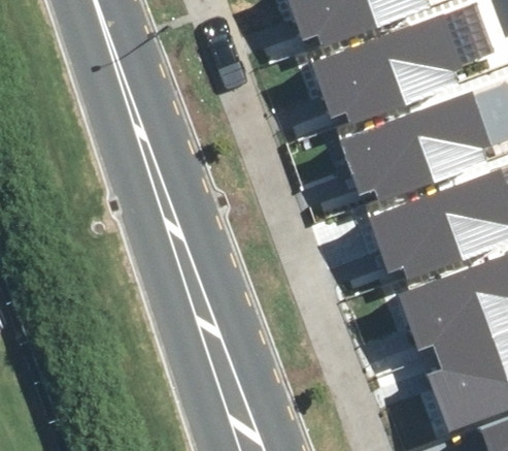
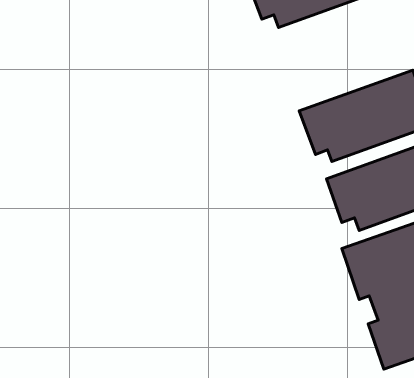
building: [314,19,462,124] -> none

